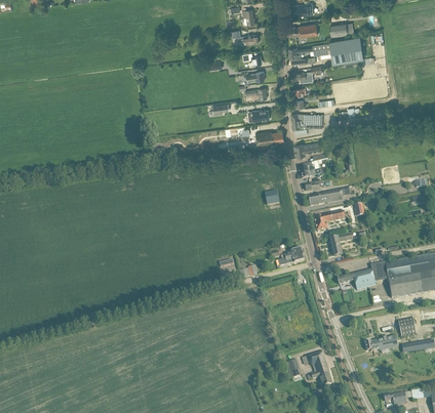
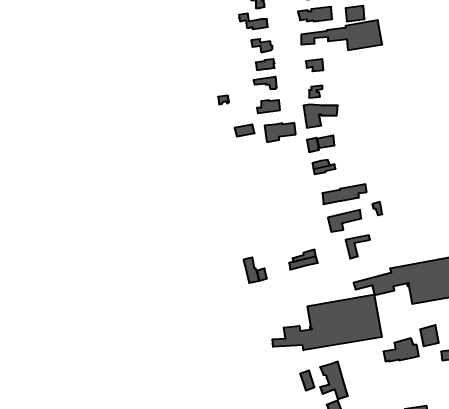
building: none -> [273,294,382,350]

